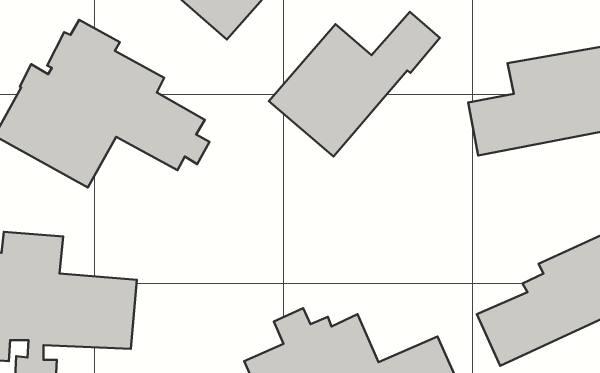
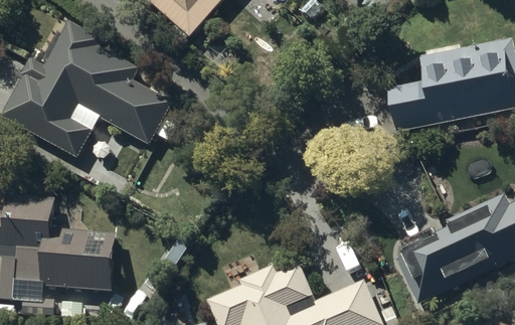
building: [269,12,440,156] -> none

